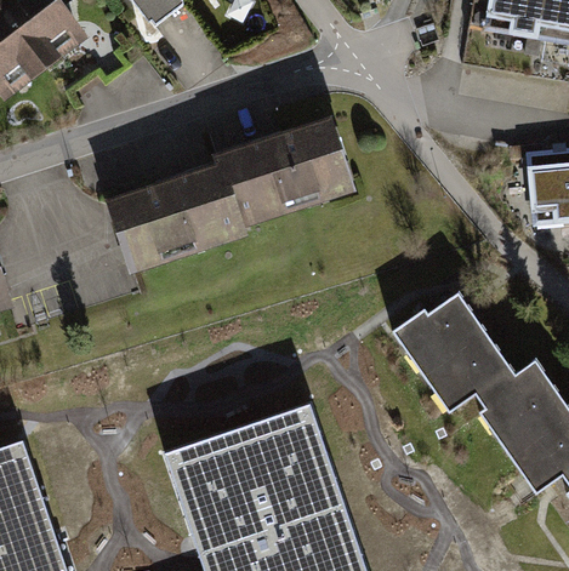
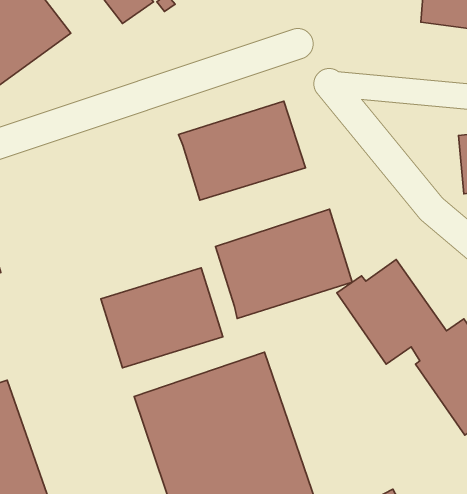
building: [104,166,241,279] -> [101,268,223,368]
building: none -> [215,209,352,319]

